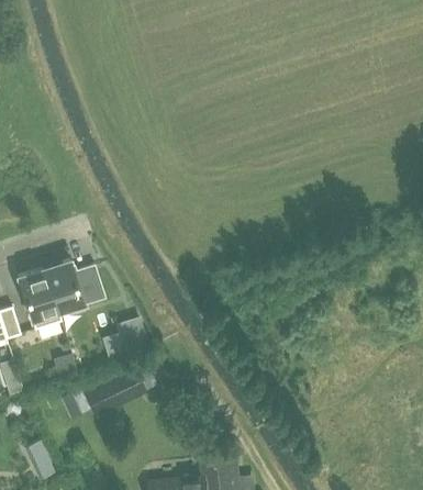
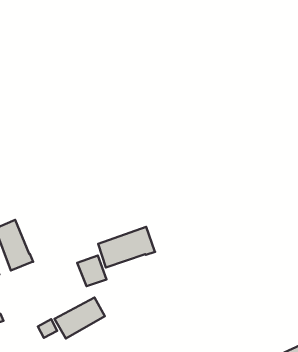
building: [43,260,103,311] -> none
building: none -> [98,227,155,267]

